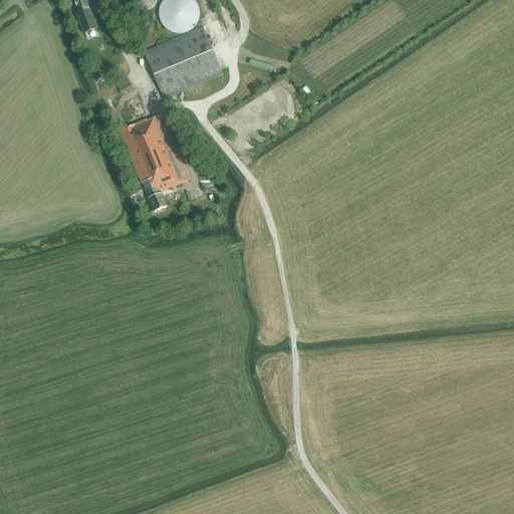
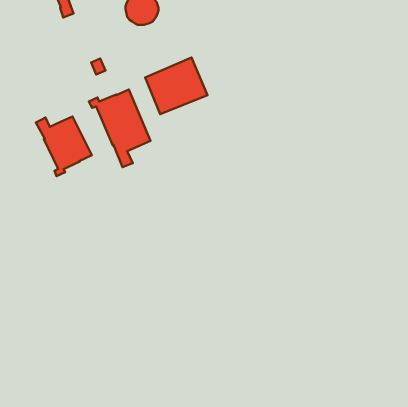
building: [144,26,222,97] -> [145,57,207,114]
building: none -> [36,116,92,176]

